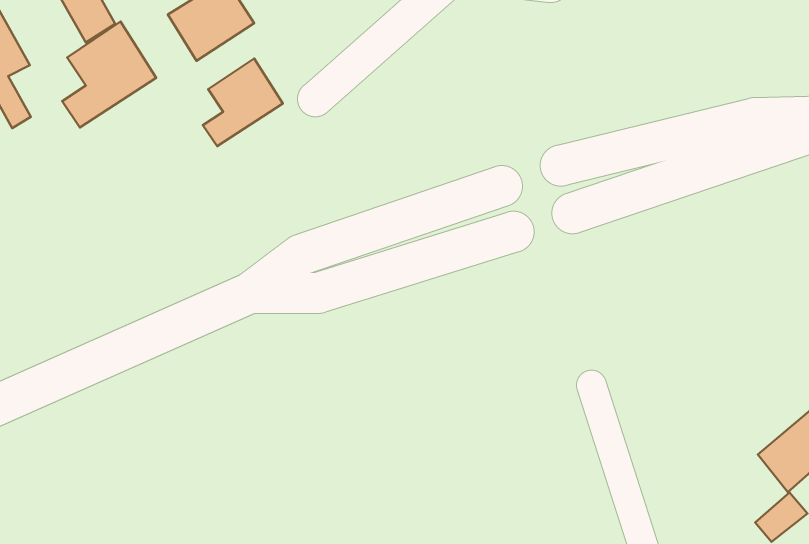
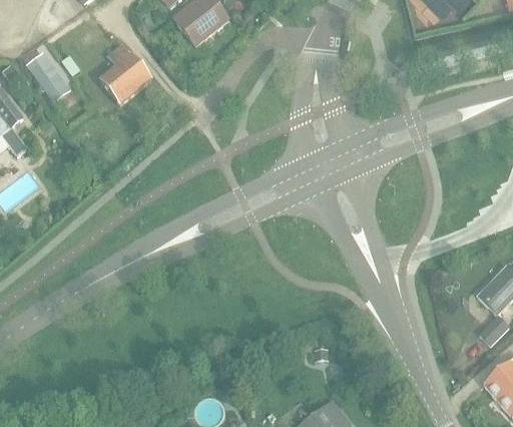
building: [62,22,156,127] -> none
building: [203,59,283,146] -> none

